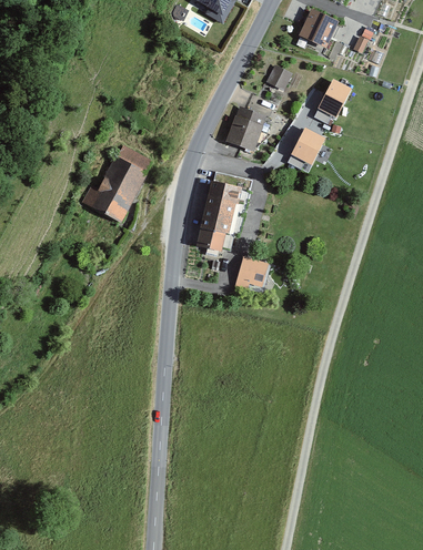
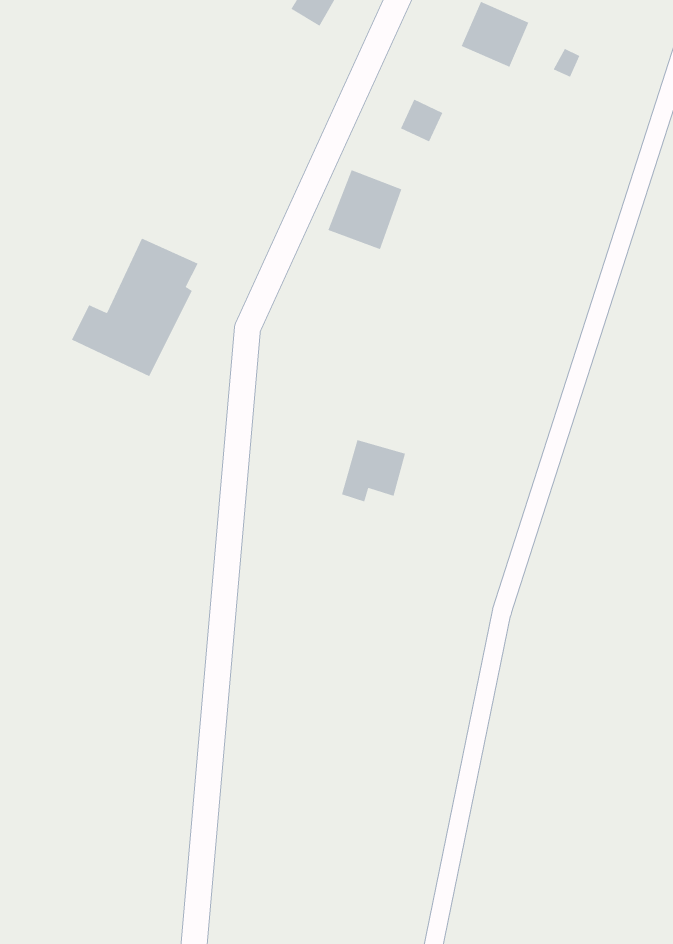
building: [312,80,351,125] -> none
building: [285,130,324,171] -> none
building: [198,180,242,249] -> none

